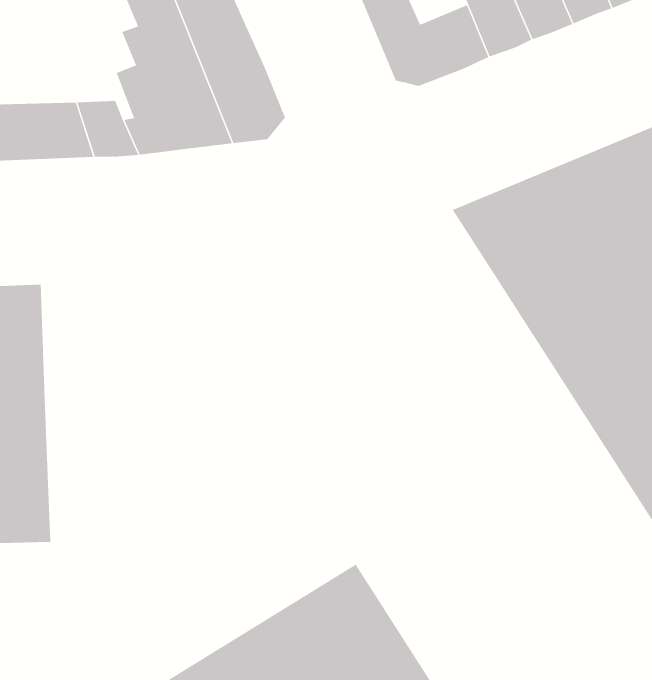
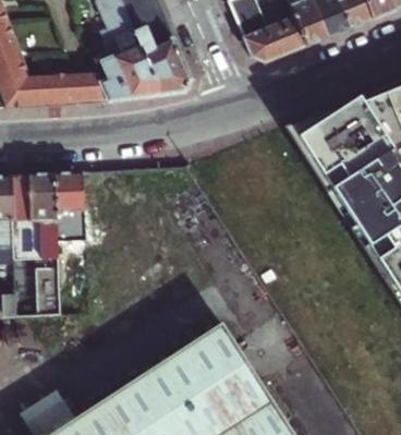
building: none -> [53,170,84,235]

